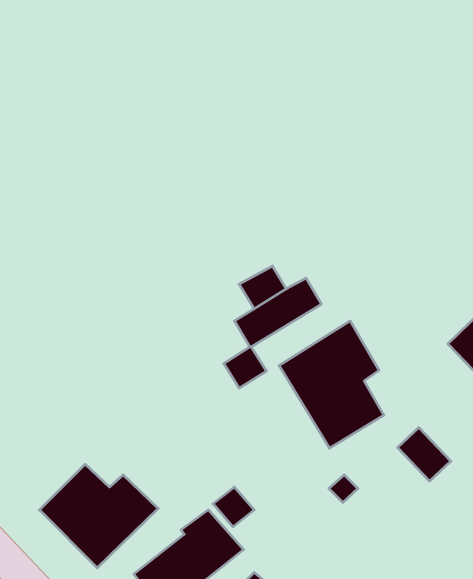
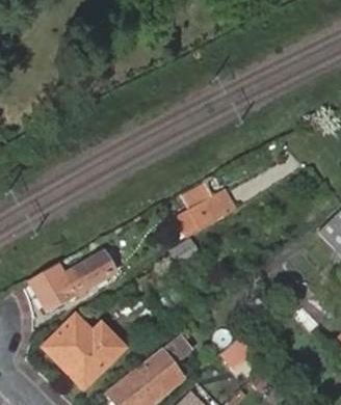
building: [279,321,384,448] -> none
building: none -> [28,249,116,312]

